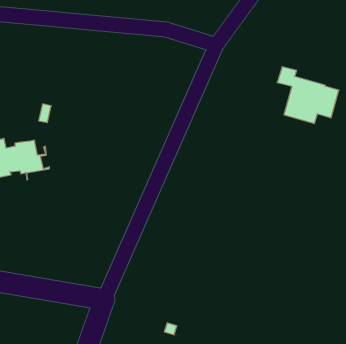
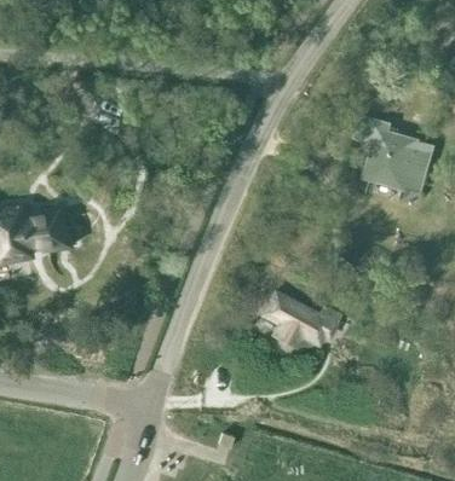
building: none -> [261,290,340,346]

